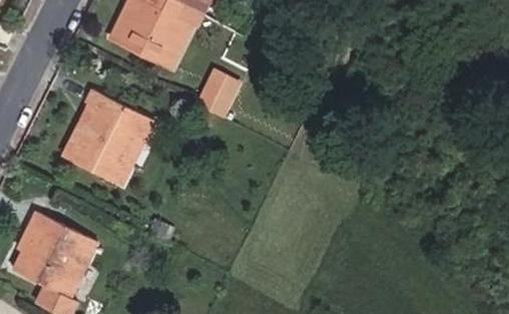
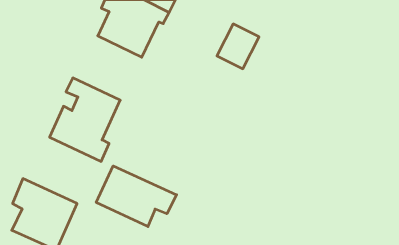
building: [192,65,241,117] -> [217,24,259,69]
building: none -> [96,166,177,227]

